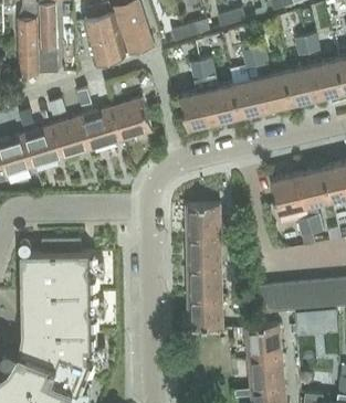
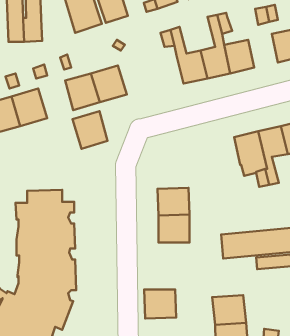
building: [286,65,319,103] -> none
building: [181,89,214,127] -> none
building: [53,117,92,159] -> [73,111,107,149]
building: [185,205,220,237] -> none
building: [187,297,222,329] -> [144,290,176,318]
building: [244,325,281,358] -> none

